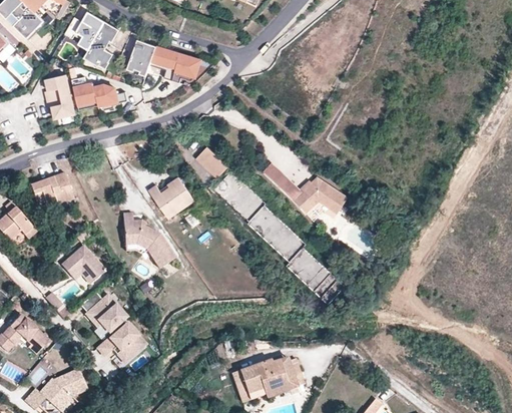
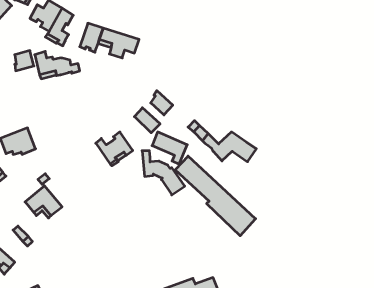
building: [47,93,75,118] -> none
building: none -> [151,91,173,115]
building: [121,212,174,267] -> [142,151,185,195]
building: [80,291,144,361] -> none

